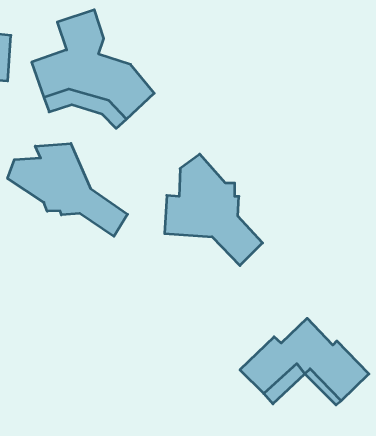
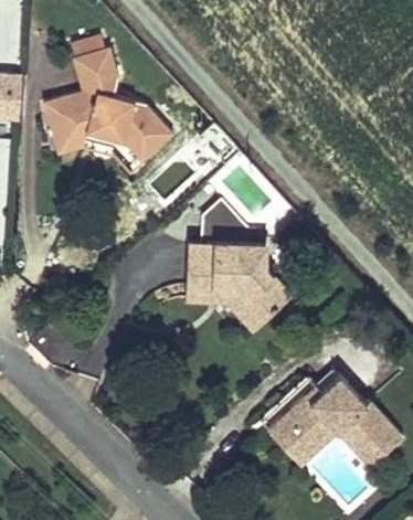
building: [8,143,128,236] -> none
building: none -> [184,285,265,328]

